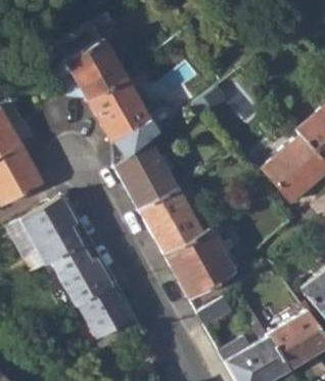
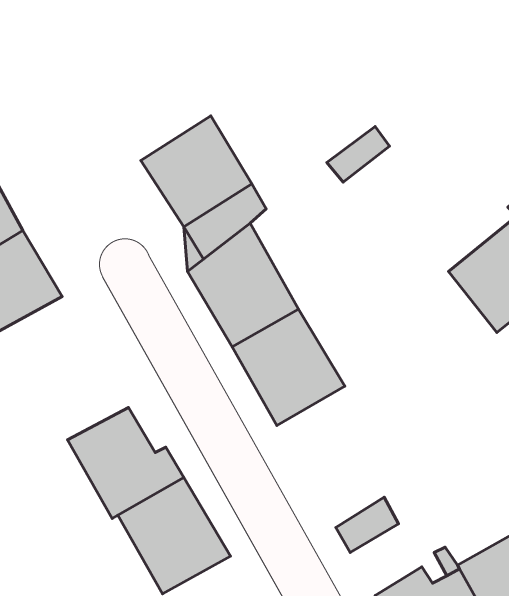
building: [63,38,128,102] -> none
building: [20,196,81,268] -> none
building: [166,228,234,297] -> none

